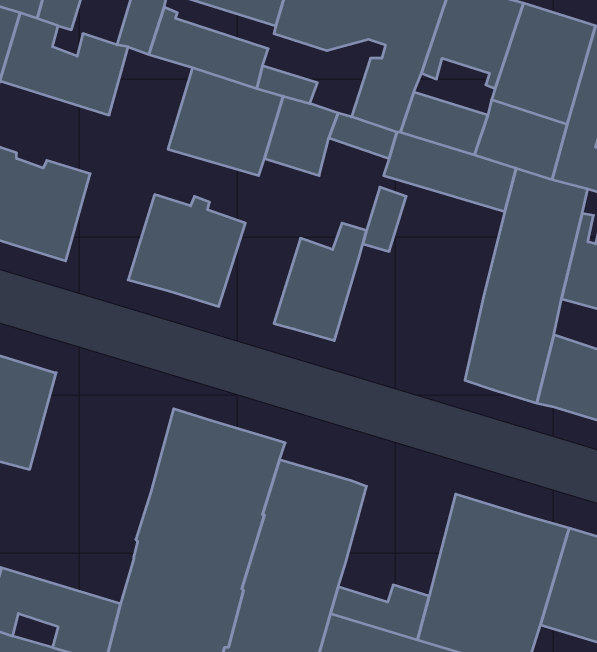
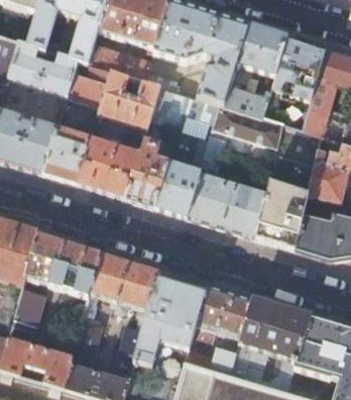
building: none -> [68,60,113,107]
building: none -> [45,127,93,184]
building: none -> [127,137,170,207]
building: none -> [189,172,268,237]
building: none -> [15,233,103,329]
building: none -> [195,285,253,340]

